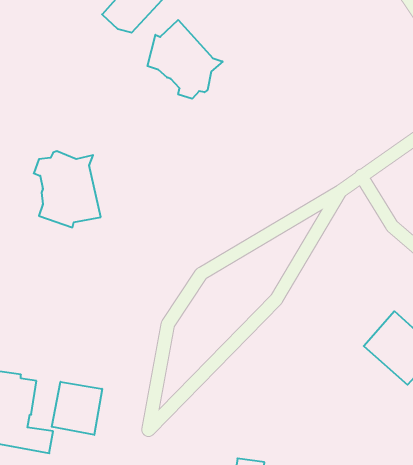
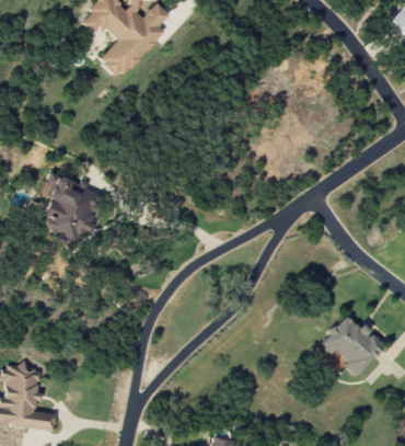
building: [147,20,223,99] -> none
building: [52,382,102,435] -> none

